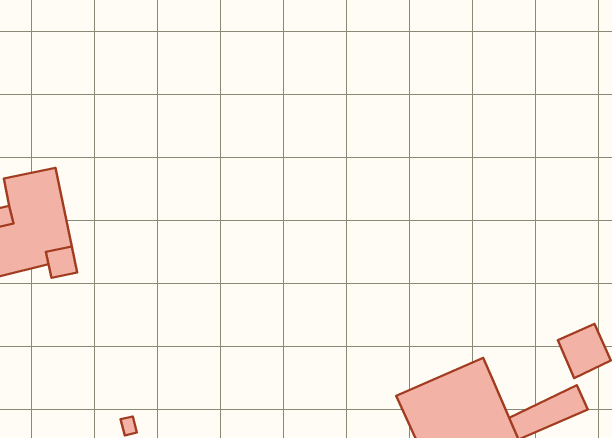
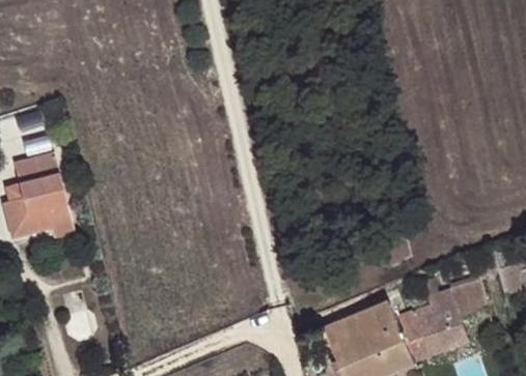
building: none -> [392,287,456,346]

